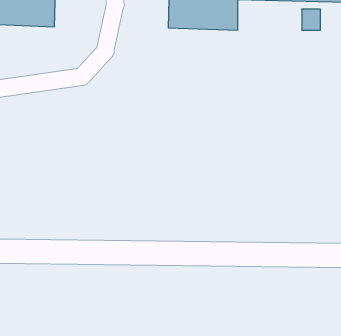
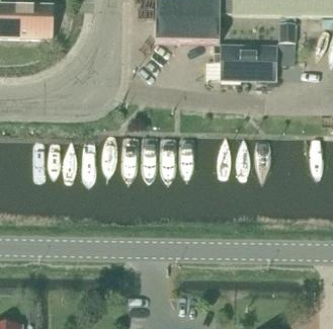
building: none -> [215,47,277,80]

